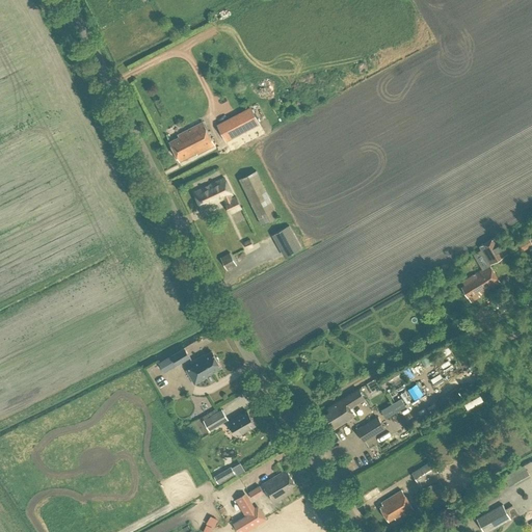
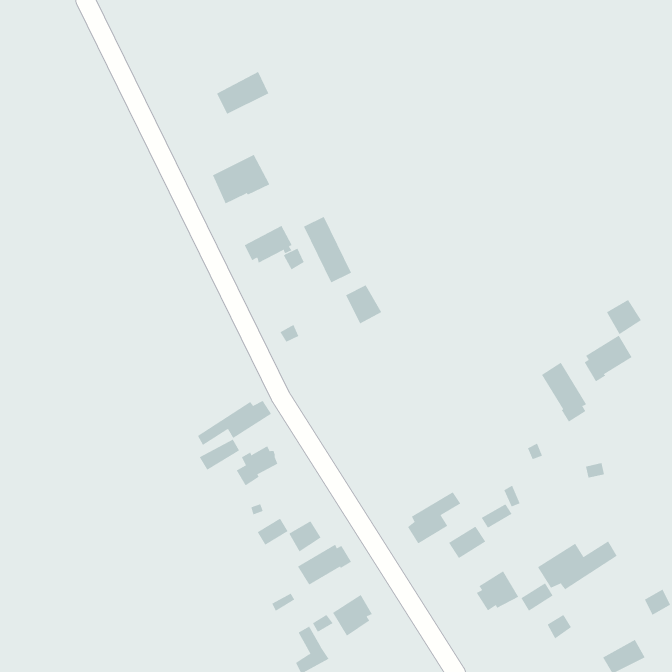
building: [216,108,258,142] -> [216,71,269,115]
building: none -> [541,362,587,423]
building: none -> [197,400,272,446]
building: none -> [537,540,617,590]
building: none -> [297,544,352,585]
building: [378,489,413,522] -> [476,570,519,611]

